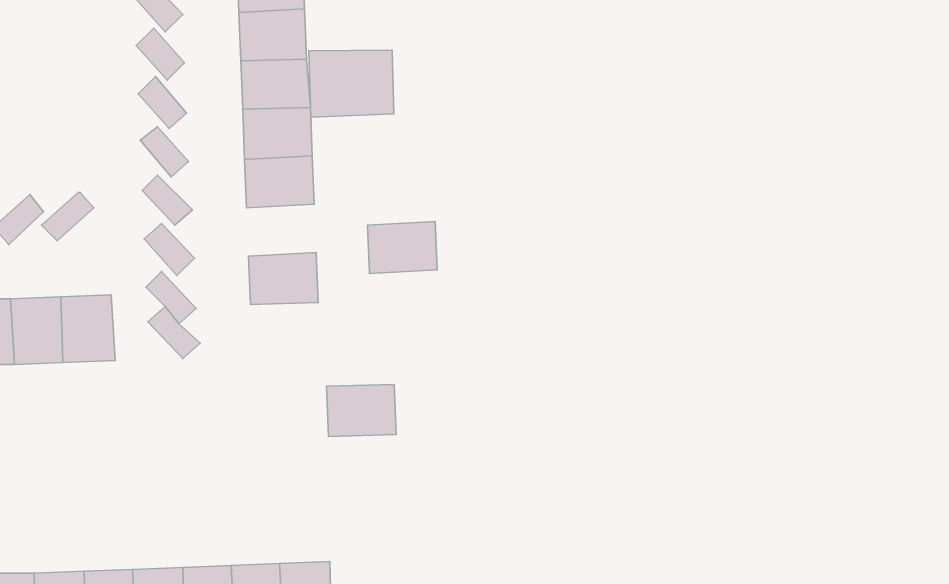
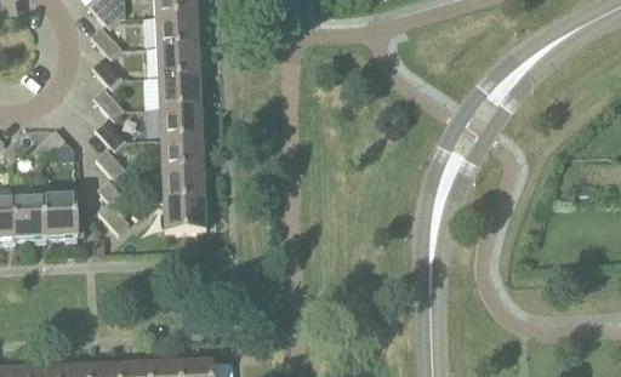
building: [309,50,394,117] -> none
building: [367,221,437,274] -> [160,136,204,168]
building: [327,384,396,437] -> [163,198,206,230]

